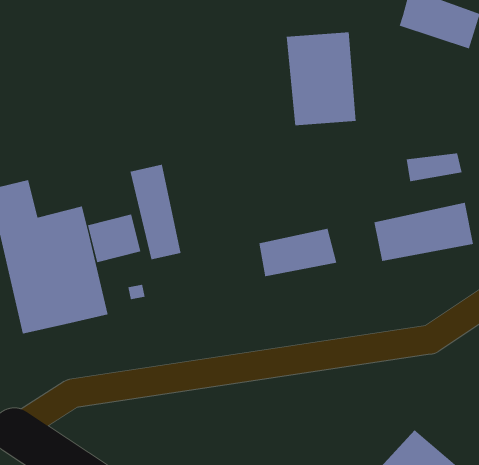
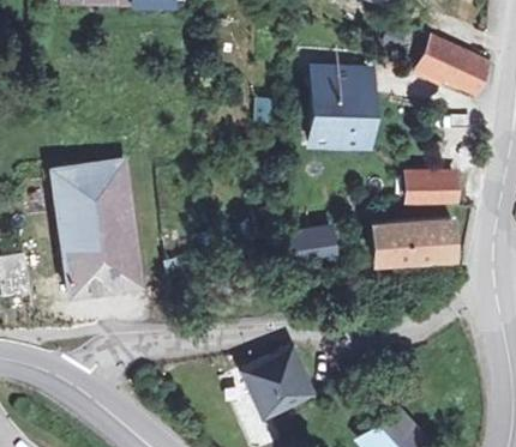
building: [130,164,181,260] -> none
building: [87,214,141,263] -> [88,161,131,199]
building: none -> [244,351,307,412]

